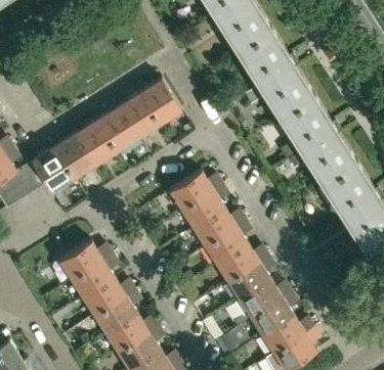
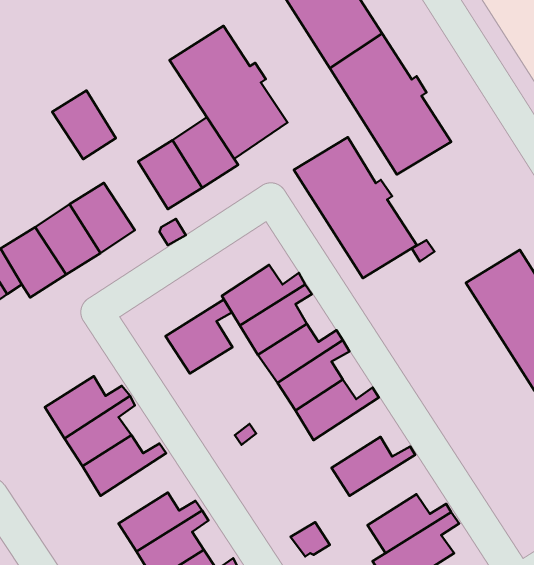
building: none -> [170,26,287,159]
building: [280,96,356,184] -> [294,137,417,278]
building: [96,108,136,151] -> [52,90,116,159]
building: none -> [165,299,232,373]
building: [227,256,272,299] -> none
building: [94,290,139,334] -> none
building: [250,291,295,335] -> none

